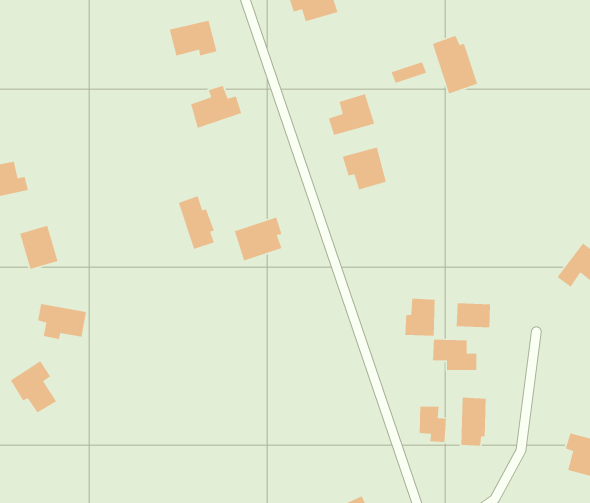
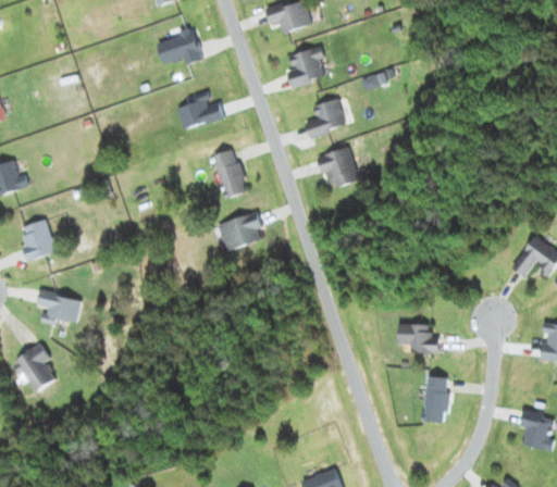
building: [432,35,478,94] -> none
building: none -> [287,46,324,87]
building: [178,195,215,250] -> [212,148,246,198]
building: [404,298,436,336] -> none
building: [456,303,491,328] -> none
building: [419,406,447,443] -> none

